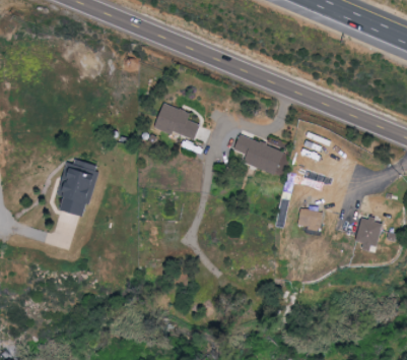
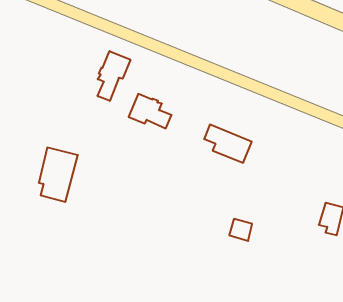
building: none -> [98,51,130,101]
building: [297,207,322,231] -> [229,219,252,241]

